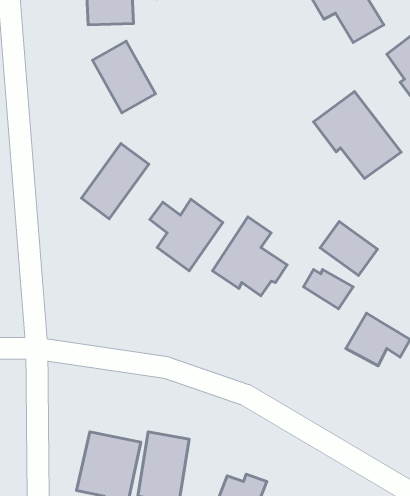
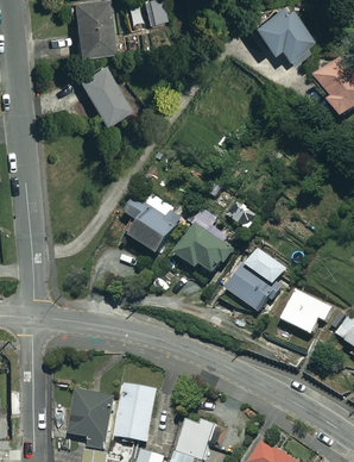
building: [314,92,401,179] -> none
building: [81,144,149,219] -> none
building: [320,221,377,276] -> [229,270,276,314]

